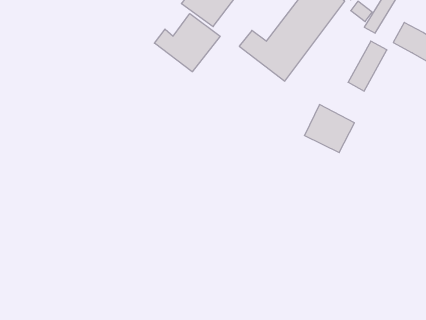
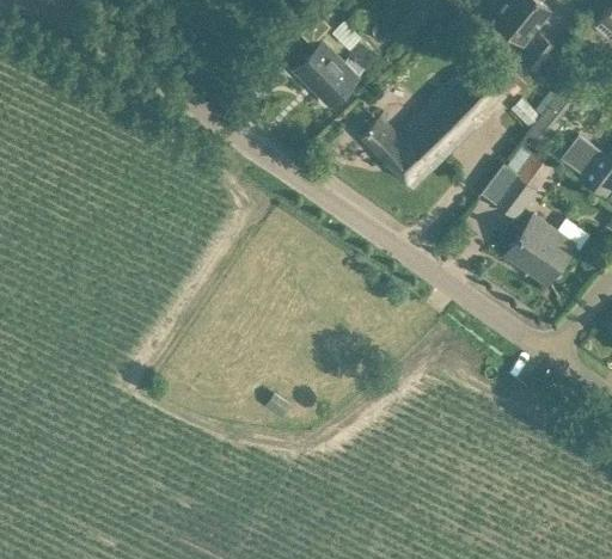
building: [154,14,220,72] -> none
building: [304,105,354,153] -> [507,216,574,282]

